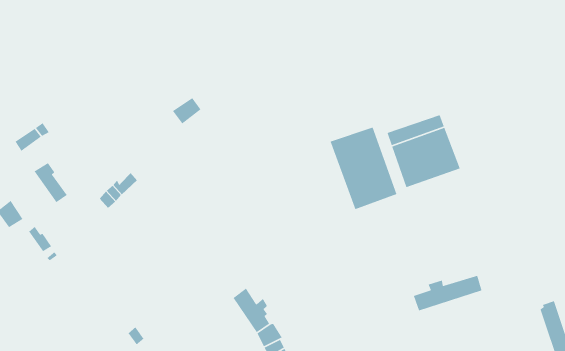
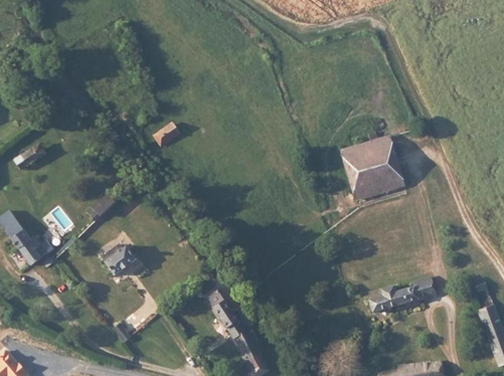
building: [330,127,397,210] -> none
building: [33,162,68,203] -> [10,229,40,265]
building: none -> [106,247,138,278]

